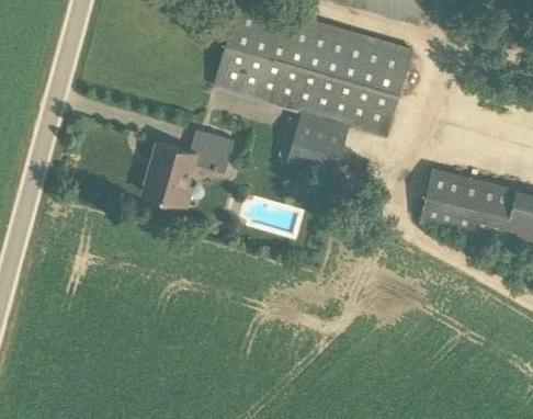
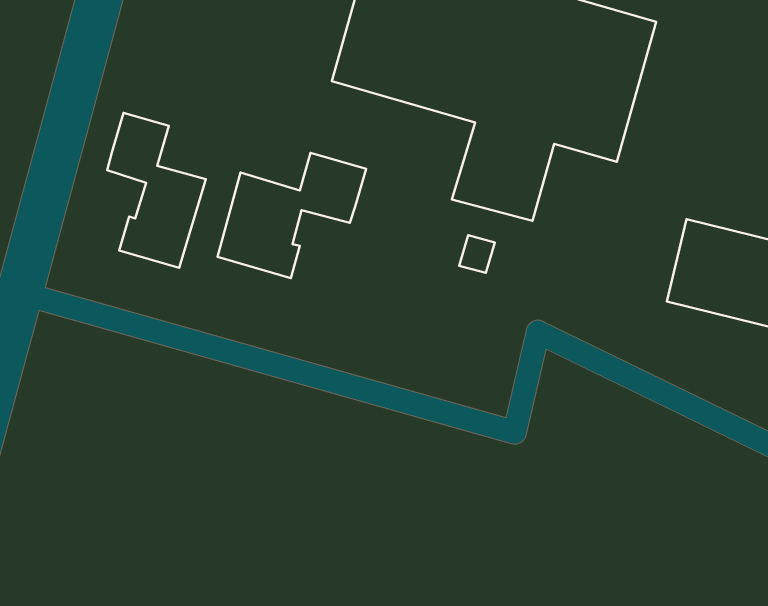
building: none -> [107,113,206,268]

